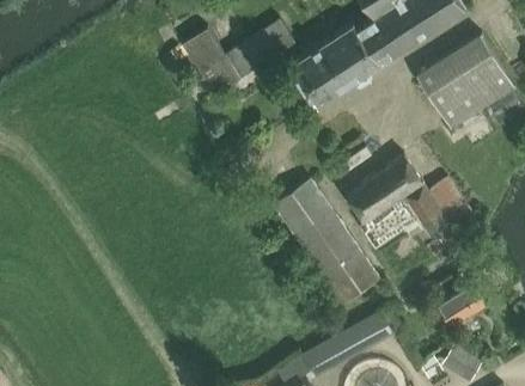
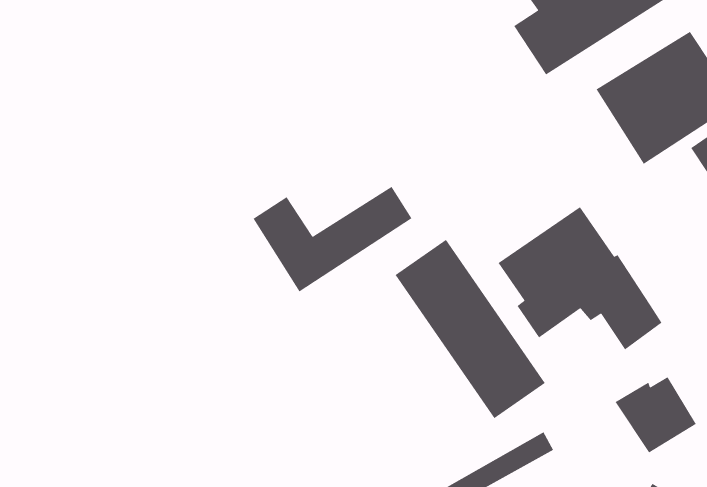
building: [184,20,295,94] -> [253,186,412,292]
building: [292,24,380,105] -> none
building: [431,177,471,223] -> none

